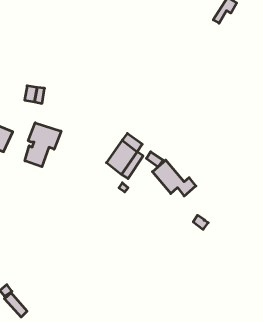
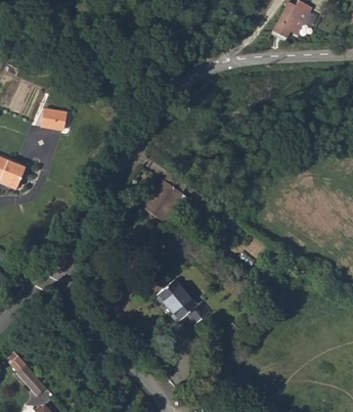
building: [25,123,61,167] -> none
building: [152,160,196,196] -> [157,279,210,323]

